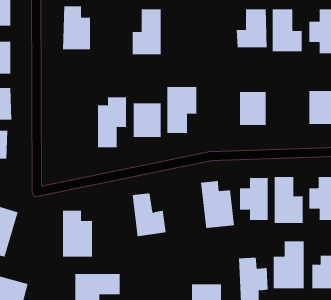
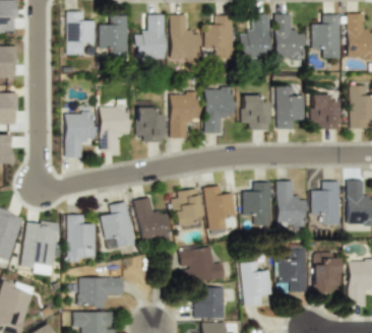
building: none -> [100,15,128,59]
building: none -> [170,15,199,60]
building: none -> [204,15,234,59]
building: none -> [205,86,235,133]
building: none -> [276,86,306,129]
building: none -> [65,112,96,156]
building: none -> [169,188,203,227]
building: none -> [101,201,135,248]
building: none -> [19,220,58,274]
building: none -> [179,246,225,284]

